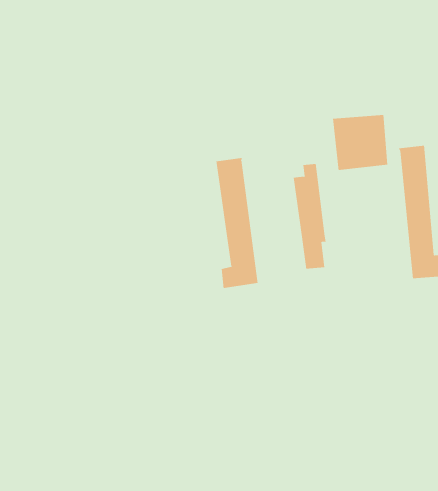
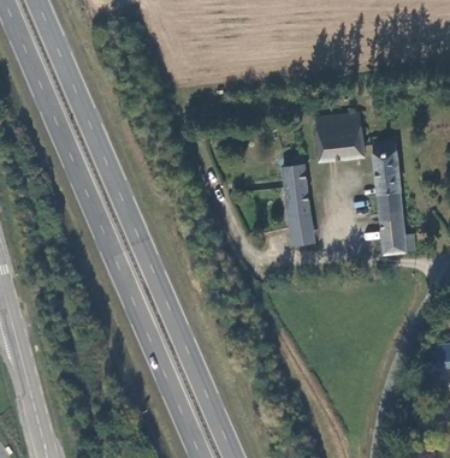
building: [216,157,258,289] -> none

